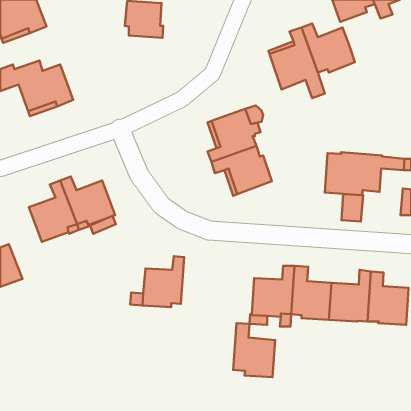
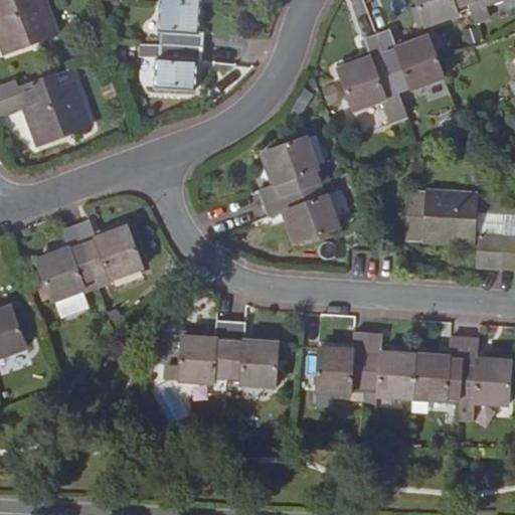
building: none -> [157,44,203,89]
building: [341,194,363,222] -> [477,234,504,269]
building: [233,323,275,377] -> [226,321,279,388]

